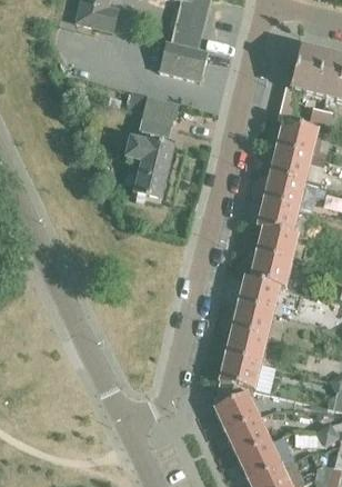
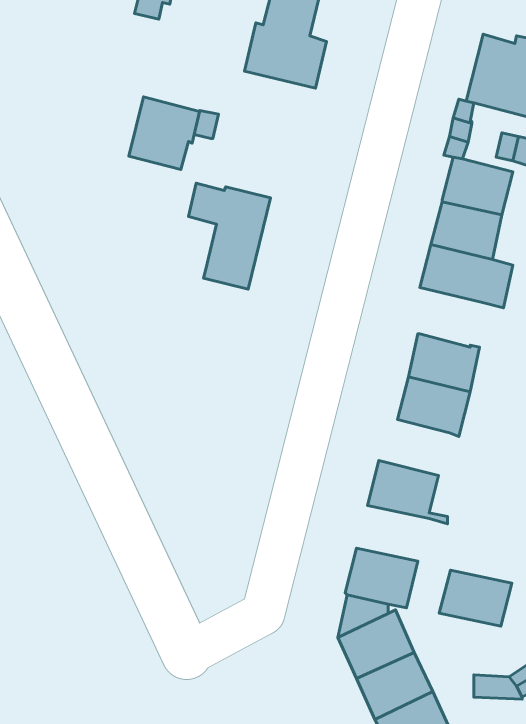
building: [138,93,180,137] -> [129,97,200,169]
building: [258,198,300,233] -> none
building: [239,275,281,310] -> none
building: [225,328,269,361] -> [439,570,512,626]

